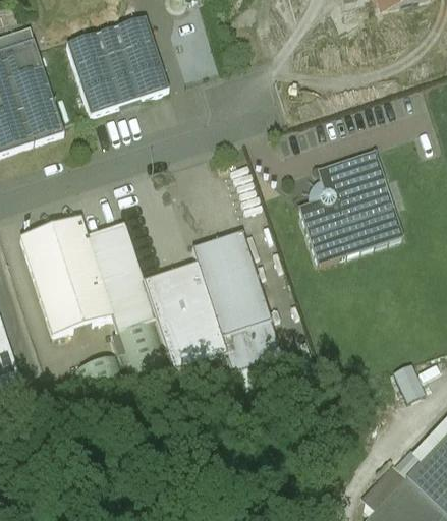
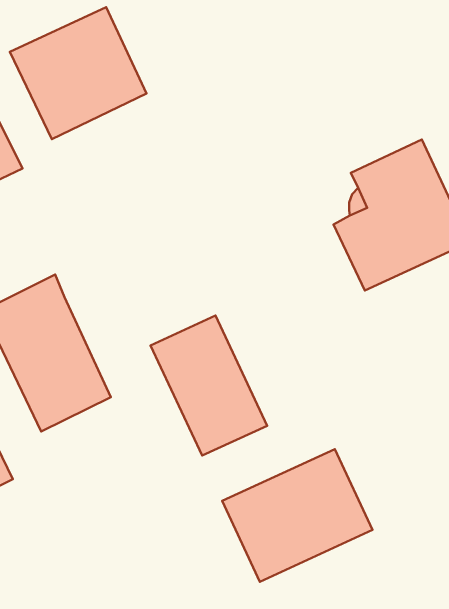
building: [83,222,154,335] -> none
building: [191,230,281,370] -> none
building: none -> [222,449,373,582]

